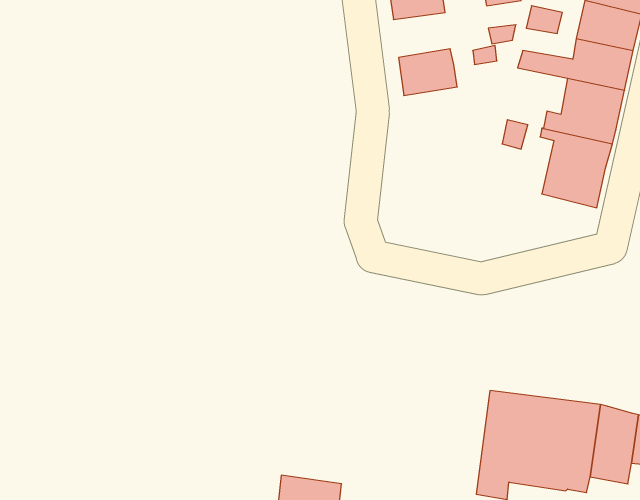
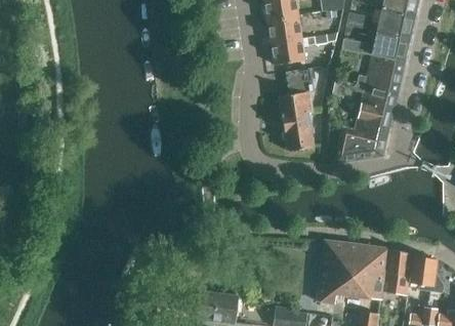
building: none -> [267,15,301,42]
building: none -> [279,64,330,151]
building: none -> [334,123,388,162]

